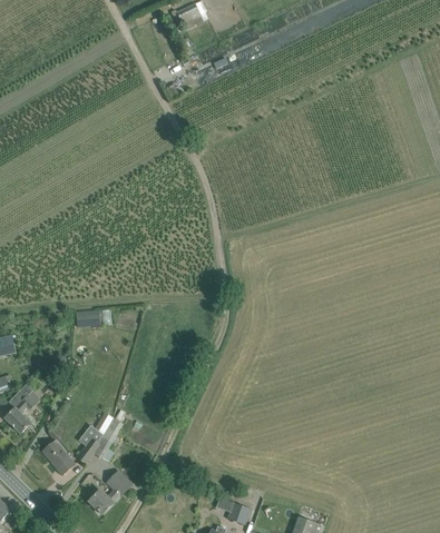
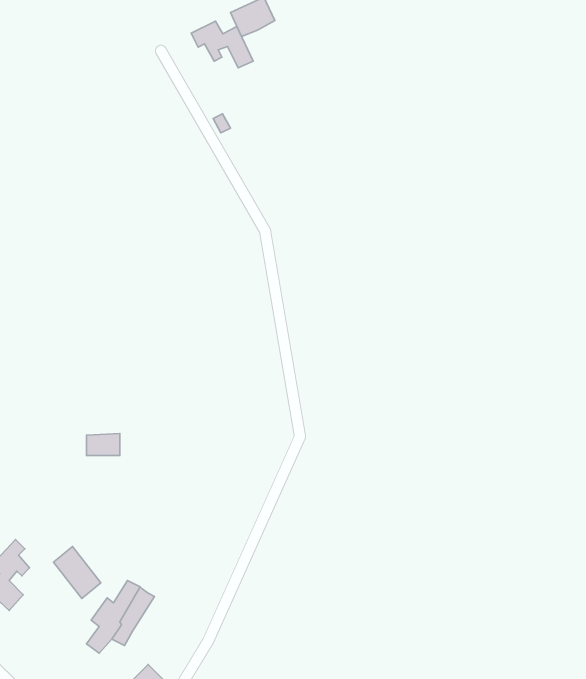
building: none -> [191,21,253,68]
building: [41,438,75,475] -> [53,546,101,599]

